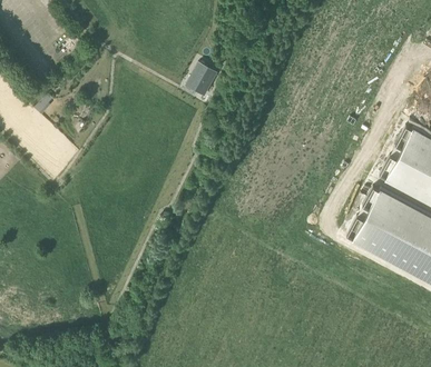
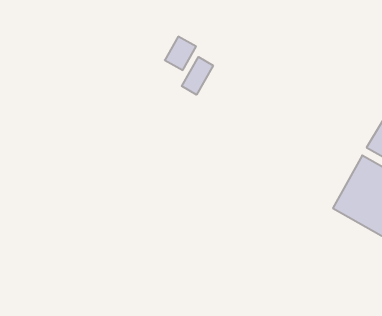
building: none -> [182,57,213,95]

